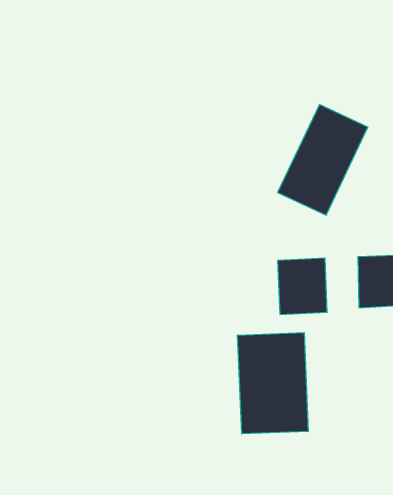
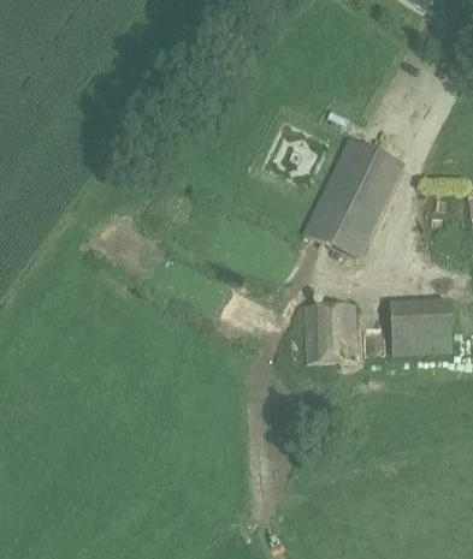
building: [238,333,308,434] -> none

